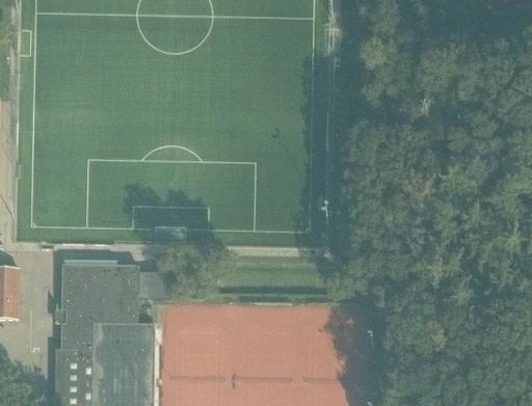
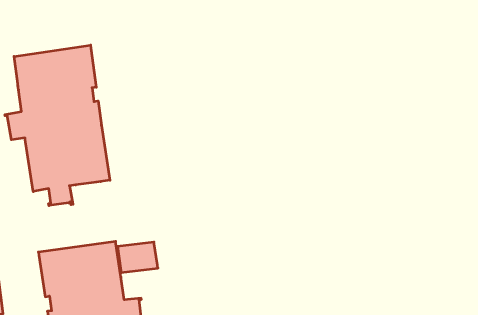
building: none -> [5,45,110,206]

